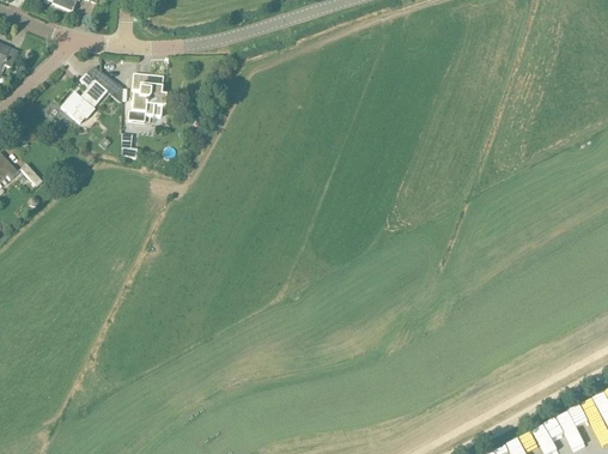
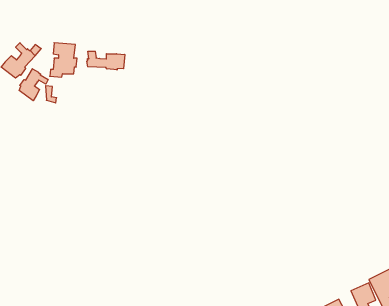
building: none -> [87,51,125,70]
building: none -> [19,69,48,101]

